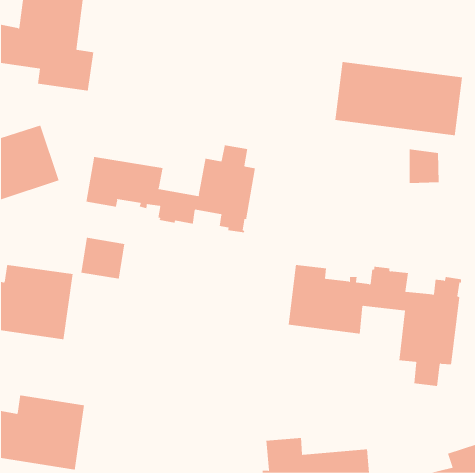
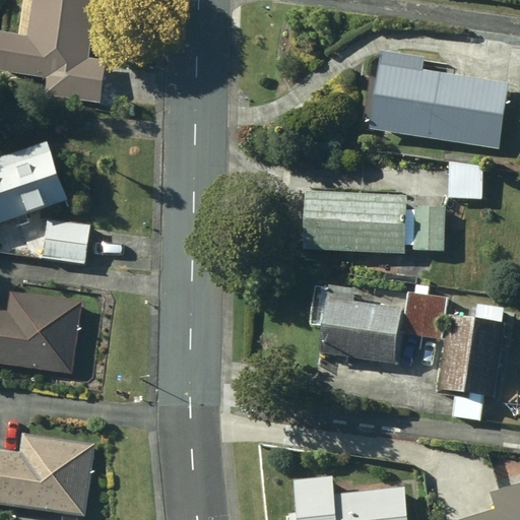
building: [86,145,255,233] -> none
building: none -> [300,197,443,255]
building: [81,237,125,279] -> [40,214,88,260]

